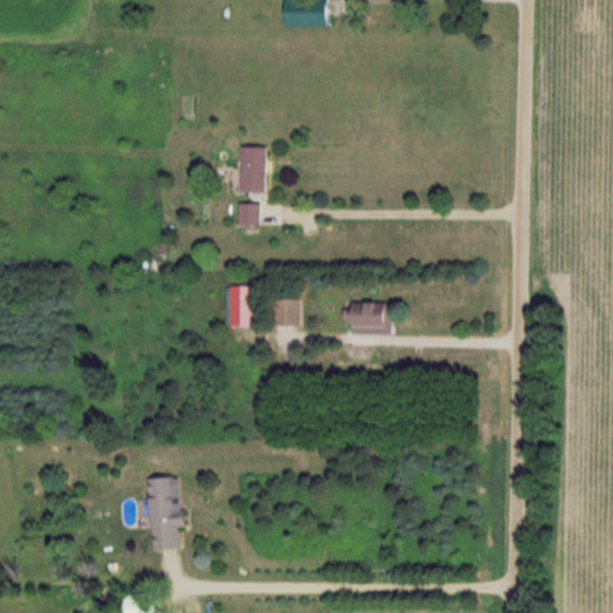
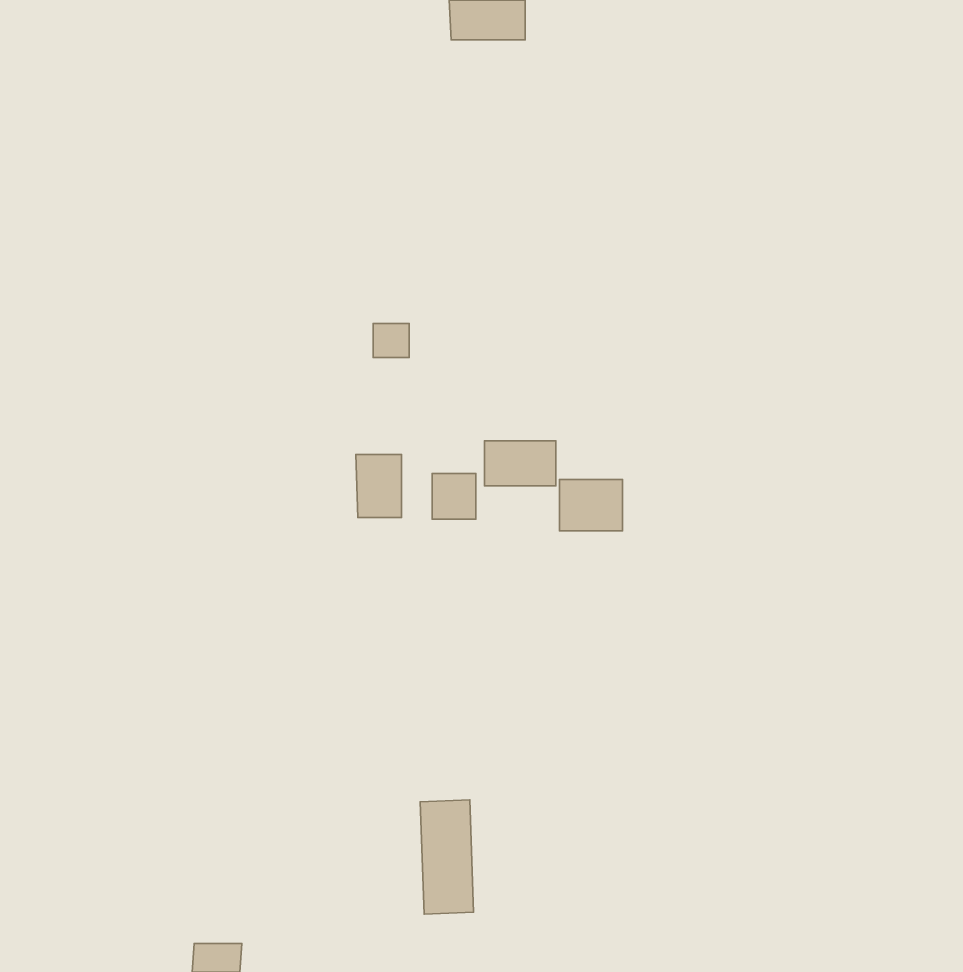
building: [239,145,267,193] -> none
building: none -> [484,441,556,486]
building: [146,478,180,550] -> [420,800,474,914]

